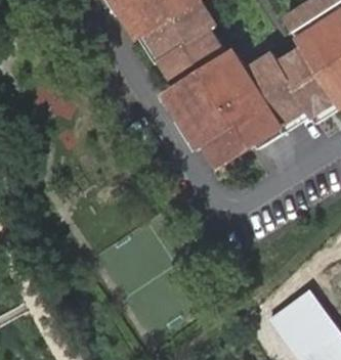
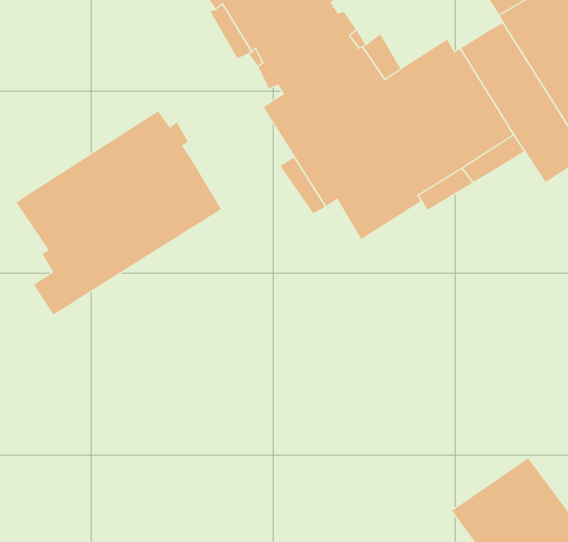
building: none -> [16,111,222,316]

